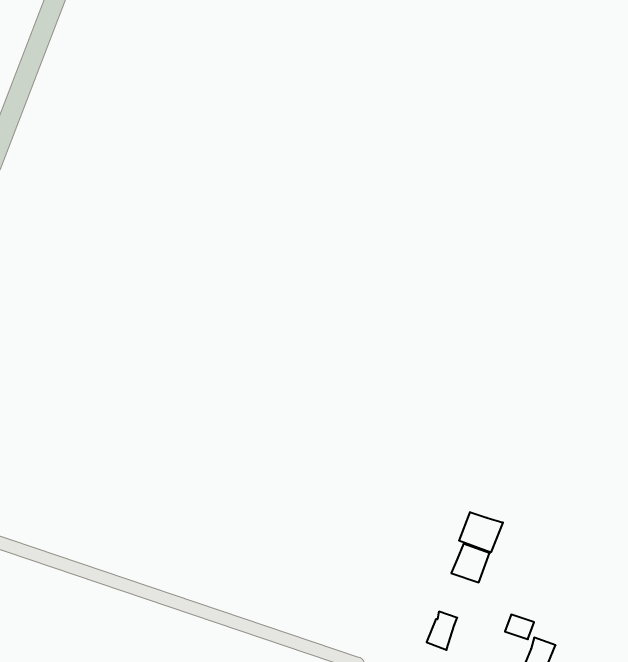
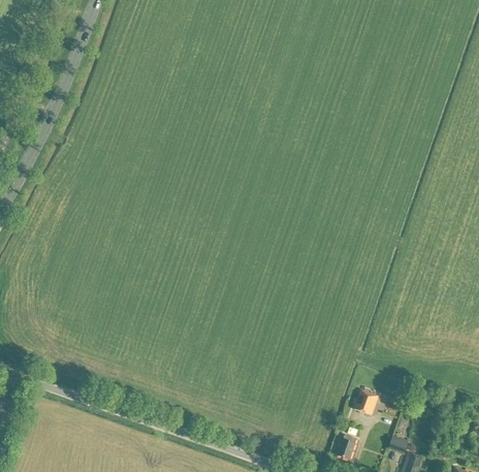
building: [459,512,503,552] -> none

